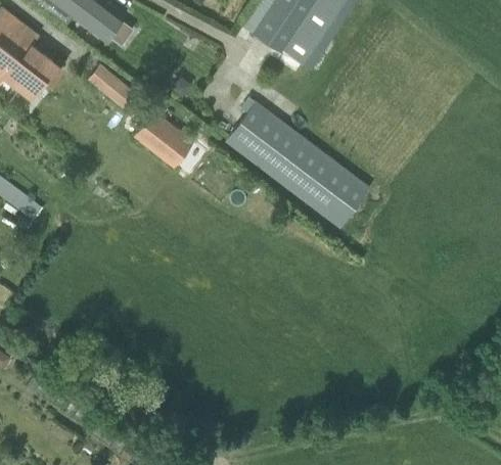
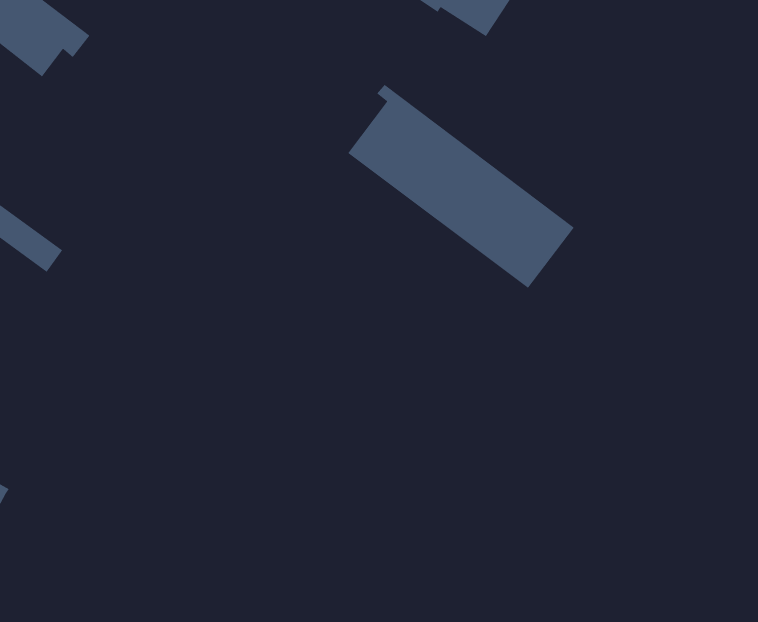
building: [89,62,144,113] -> none
building: [135,112,193,169] -> none

